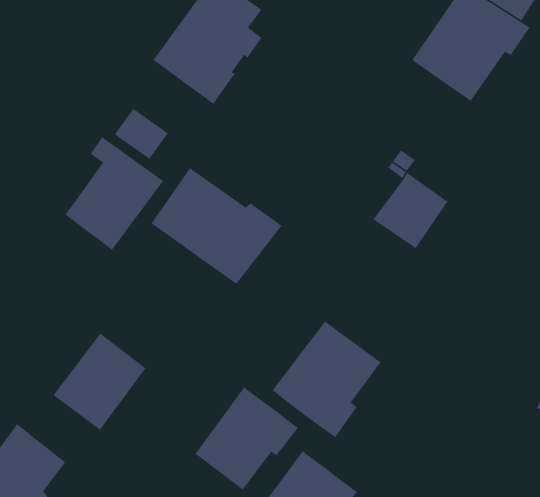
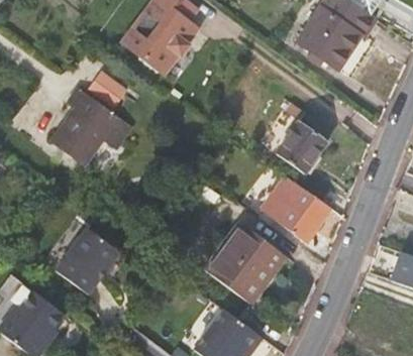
building: [151,167,282,285] -> none
building: none -> [259,165,329,239]
building: [195,387,299,490] -> none

